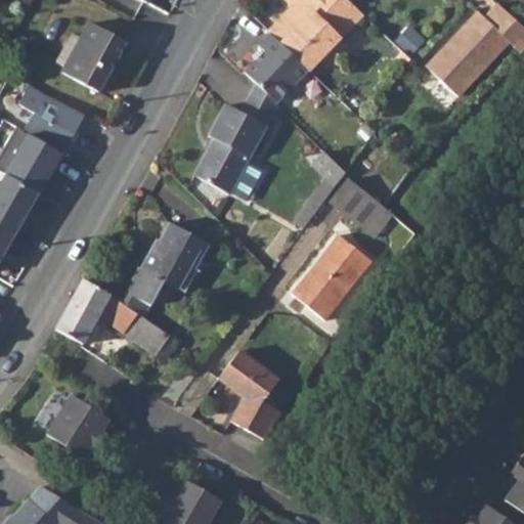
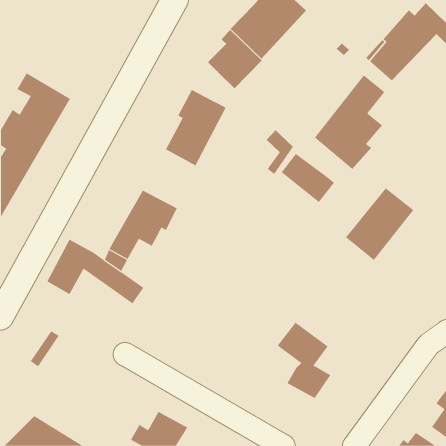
building: [57,23,127,93] -> none
building: [241,84,277,126] -> none
building: none -> [314,74,385,170]
building: [292,234,373,320] -> [345,187,414,261]
building: [220,350,283,440] -> [277,322,331,399]
building: [48,395,110,457] -> none

